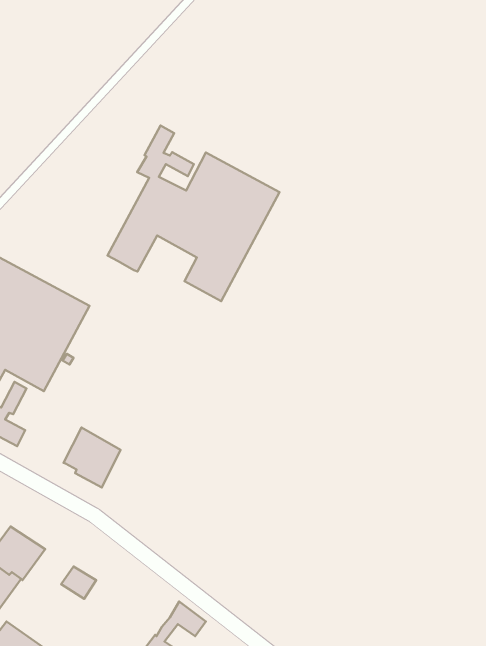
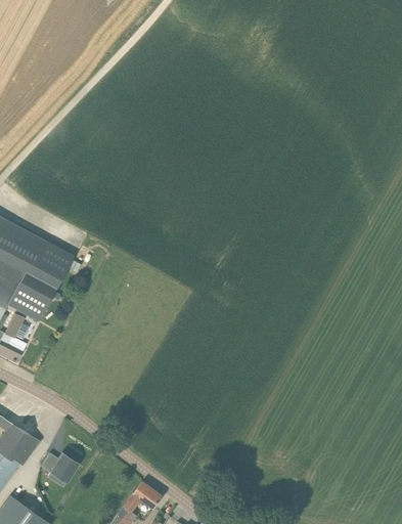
building: [107,126,280,301] -> none
building: [64,427,121,487] -> none

